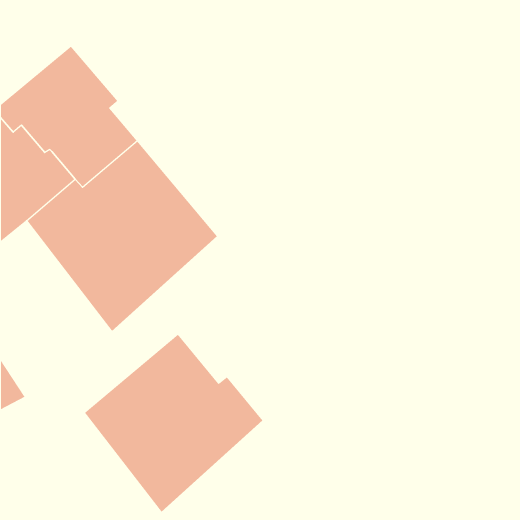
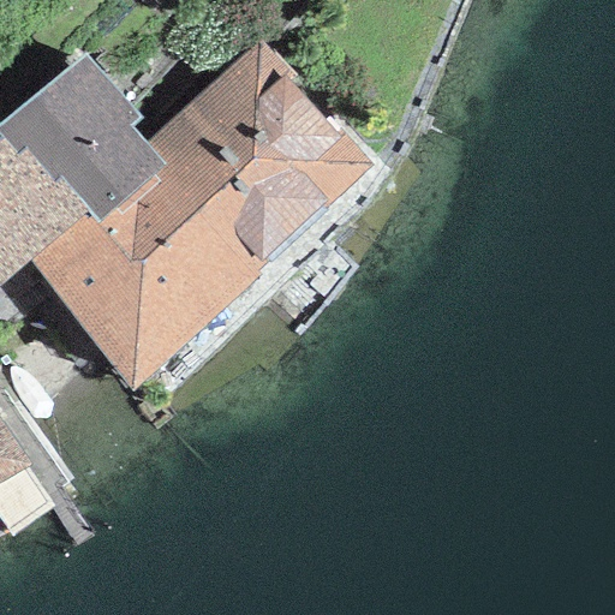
building: none -> [143,40,374,279]
building: [84,334,263,513] -> none

